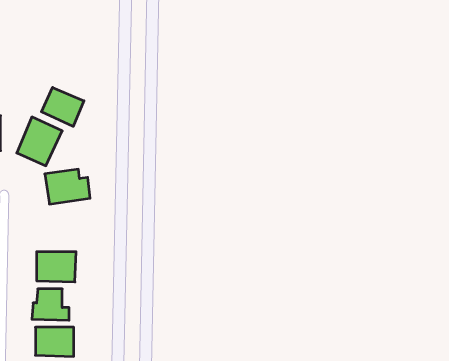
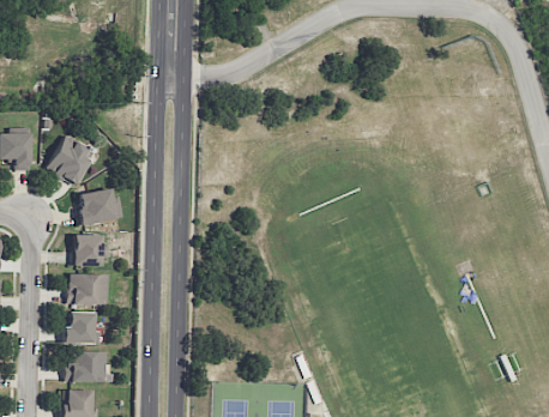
building: [41,87,84,126] -> none
building: none -> [73,234,110,266]

